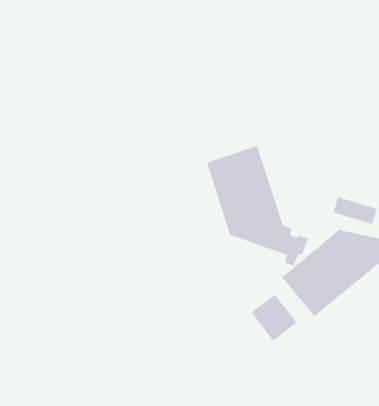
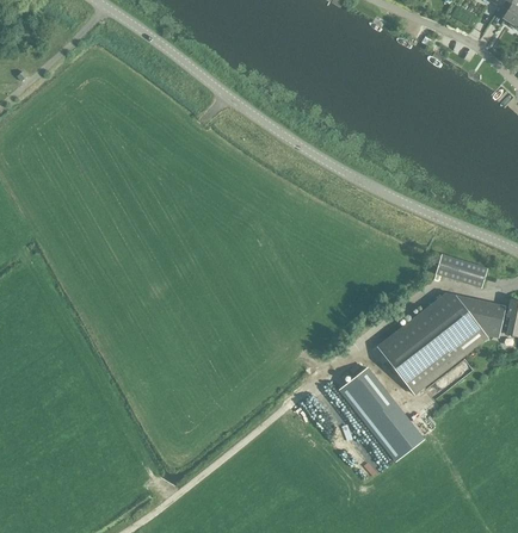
building: [206,145,309,267] -> none
building: none -> [365,401,424,460]

